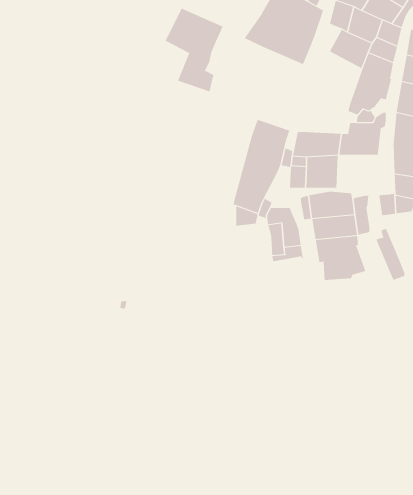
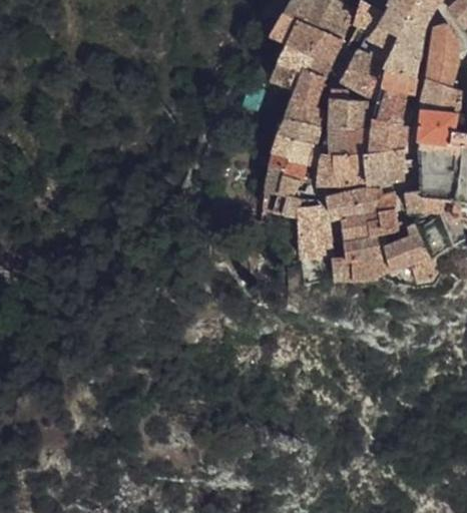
building: [165,8,223,92] -> [274,46,331,128]
building: none -> [340,51,388,102]
building: none -> [328,89,376,131]
building: none -> [364,152,404,184]
building: none -> [378,234,418,280]

